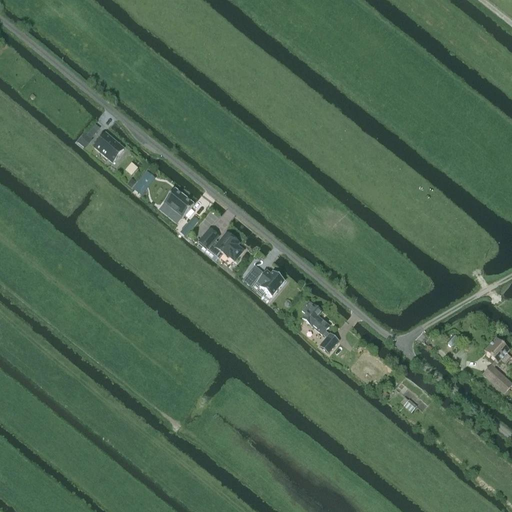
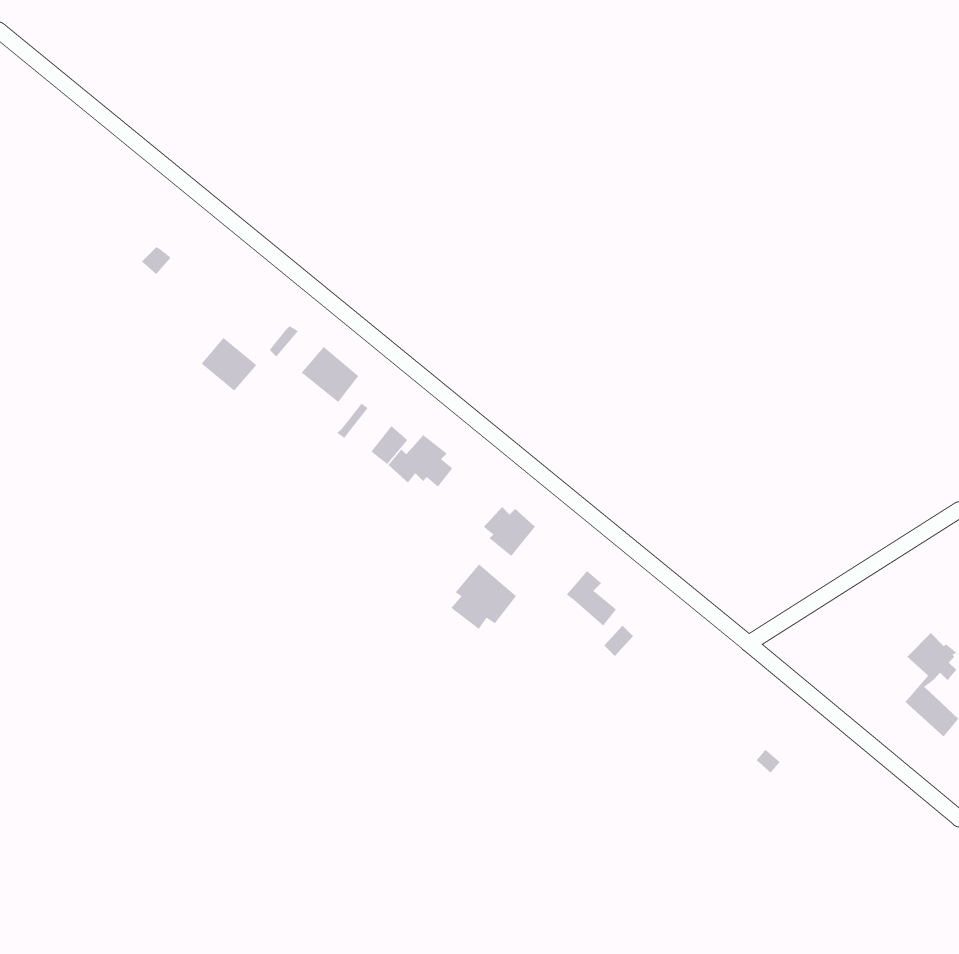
building: [92,131,122,160] -> [201,337,257,392]
building: none -> [450,564,517,630]

